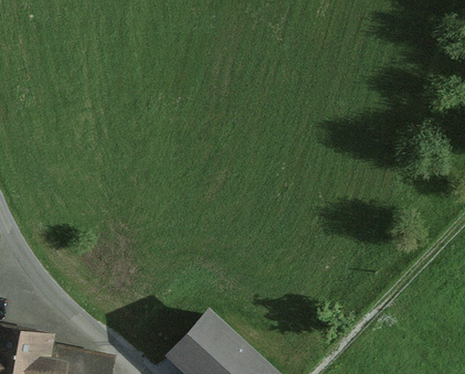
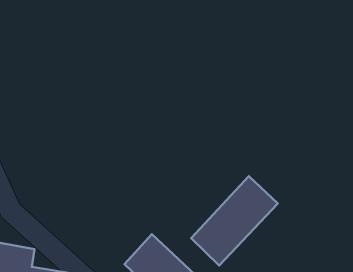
building: none -> [191,176,278,265]

